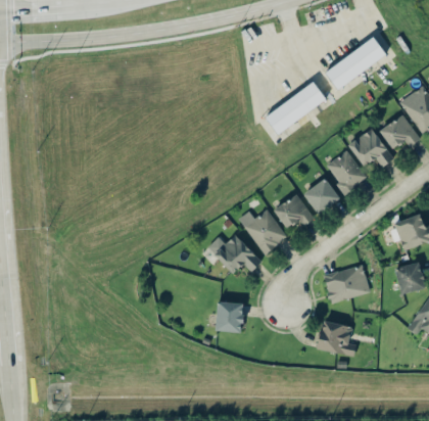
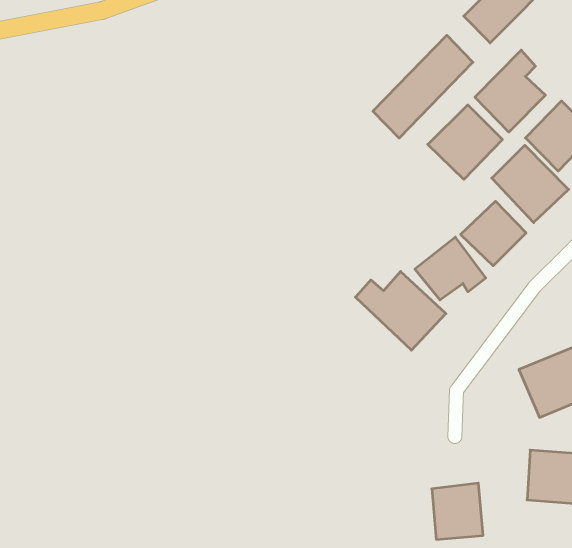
building: none -> [475,50,545,132]
building: none -> [428,105,502,179]
building: [208,233,261,274] -> none
building: [216,301,244,332] -> [432,483,483,539]

